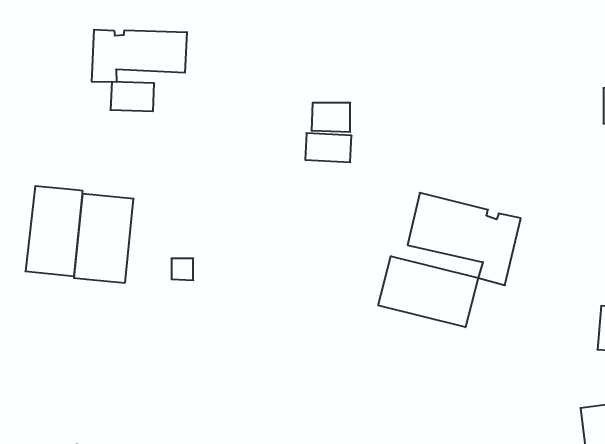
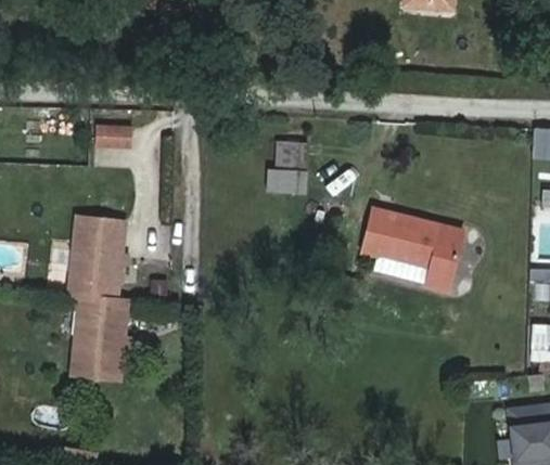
building: [92,30,187,82] -> none
building: [25,186,83,276] -> [69,293,120,373]
building: [378,256,478,327] -> none

